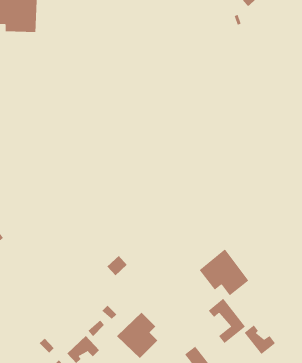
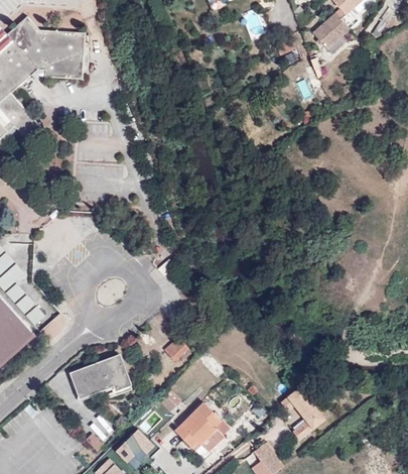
building: [199,249,249,296] -> none
building: none -> [72,355,132,395]
building: [244,324,276,355] -> none

